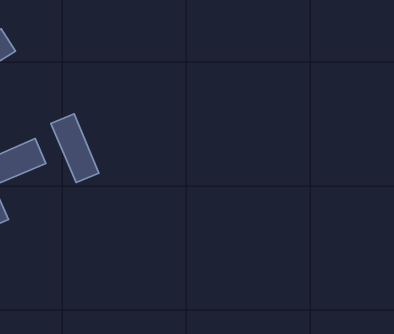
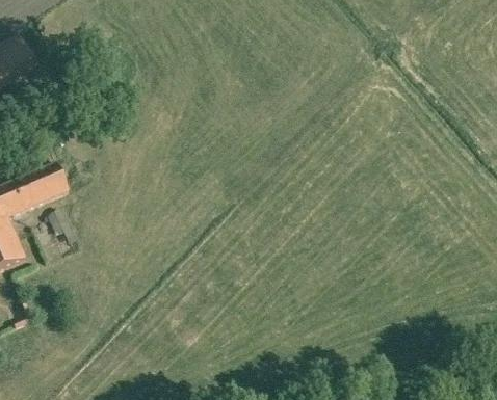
building: [51,114,99,183] -> none

